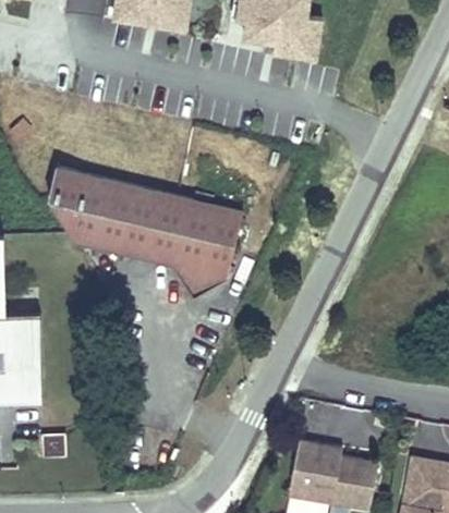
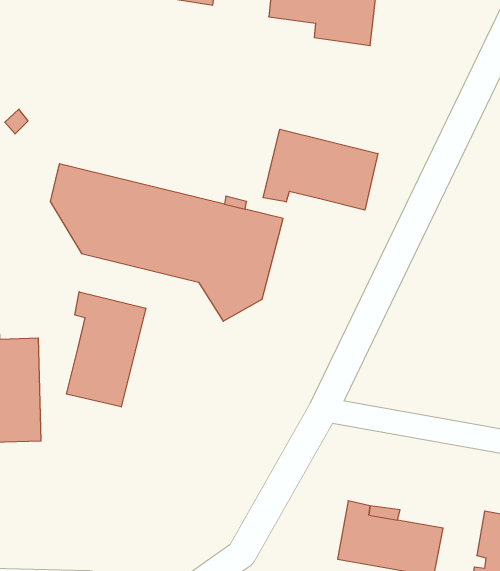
building: none -> [263,129,378,210]
building: none -> [66,292,146,407]

